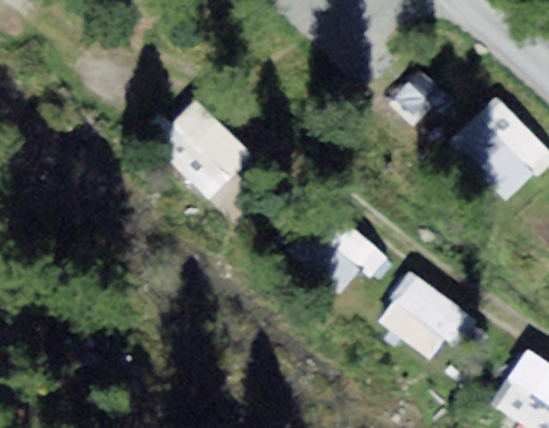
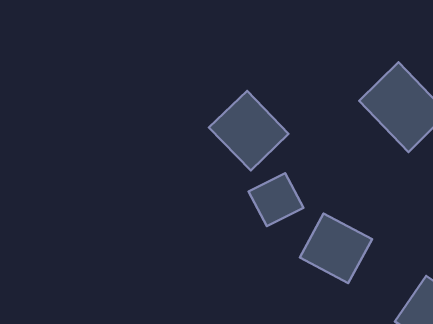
building: [157,105,252,199] -> [209,91,288,171]

